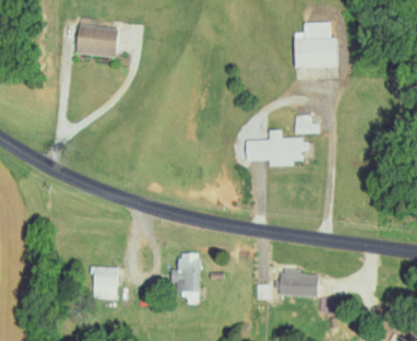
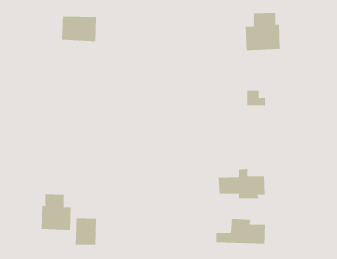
building: [246,129,302,165] -> [218,168,266,199]
building: none -> [41,193,71,231]
building: [179,252,201,304] -> none

